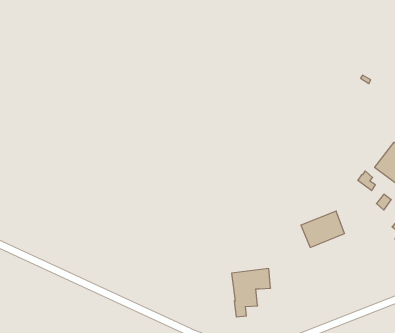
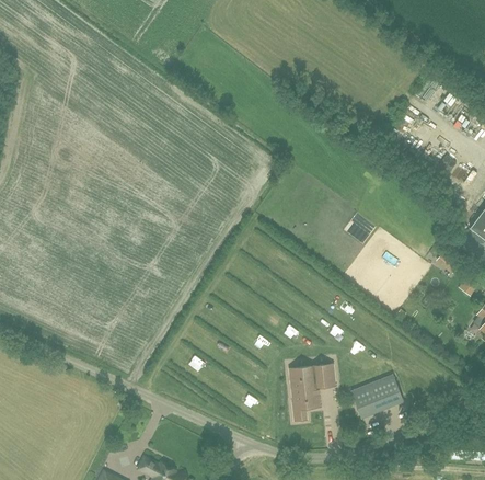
building: [301,211,345,247] -> [353,374,404,416]

